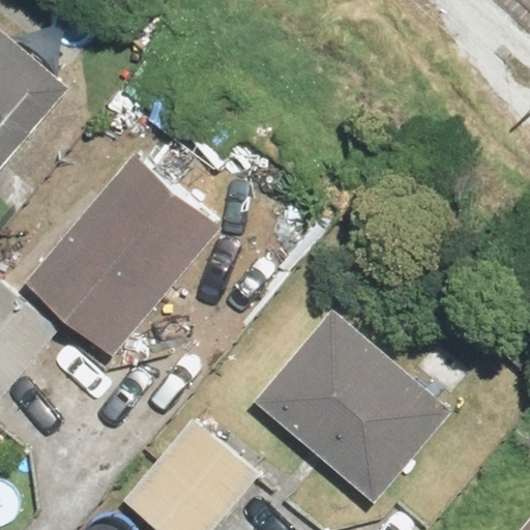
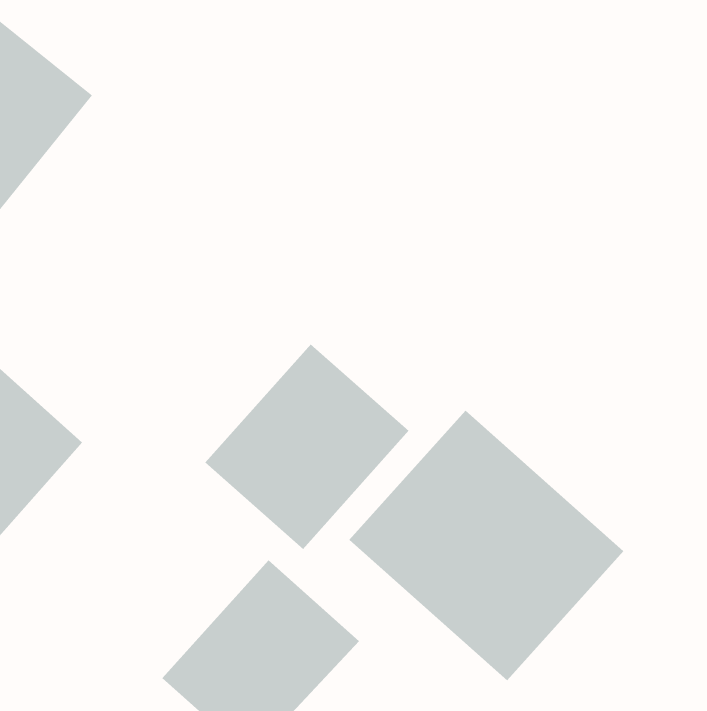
building: [26,153,222,354] -> none
building: none -> [204,343,410,550]

